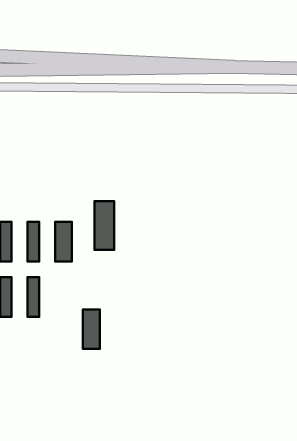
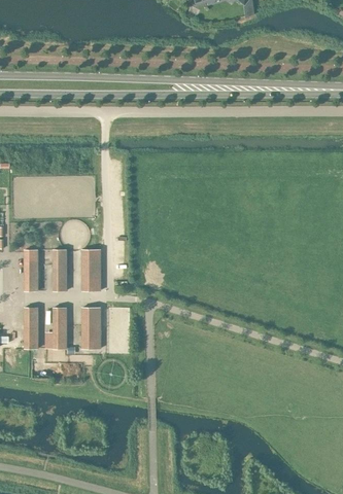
building: [95,201,114,250] -> none
building: [83,309,100,349] -> [81,306,99,347]

